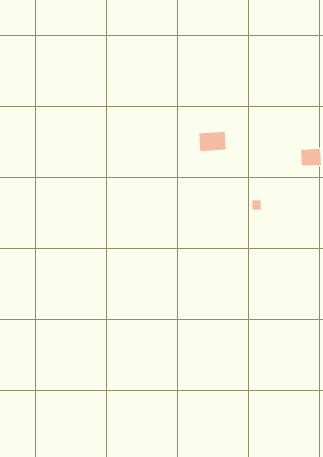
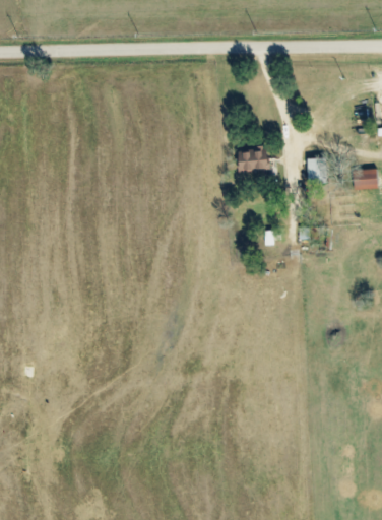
building: none -> [308,157,327,183]

